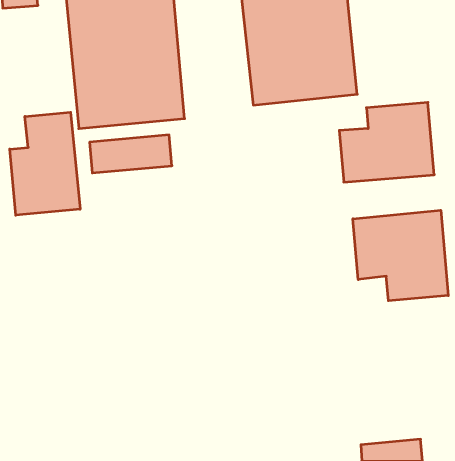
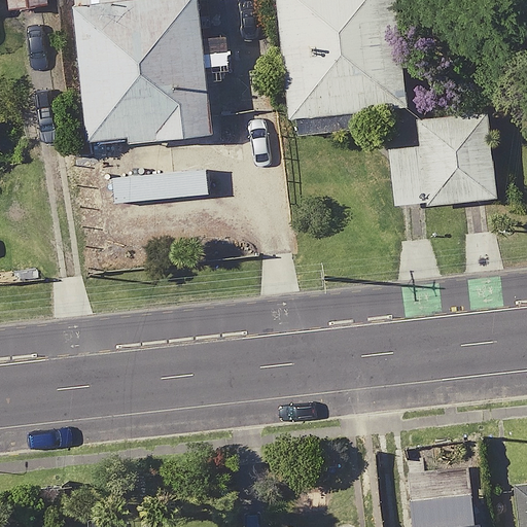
building: [10,112,80,215] -> none
building: [353,210,448,301] -> none

